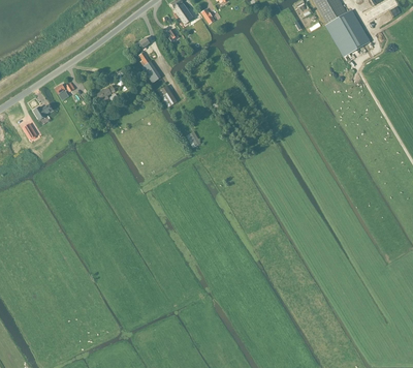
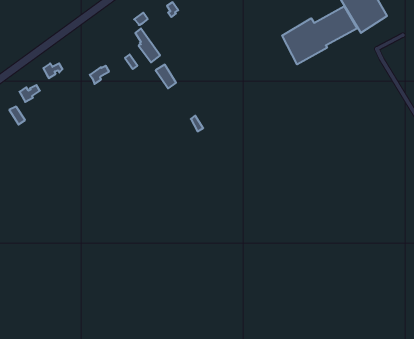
building: none -> [282,6,357,64]

